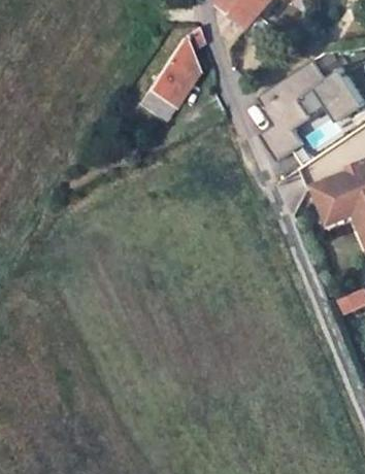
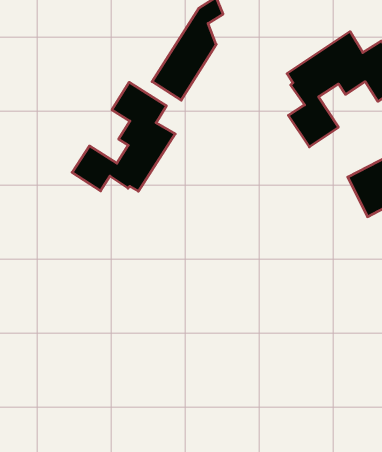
building: none -> [72,82,175,191]

